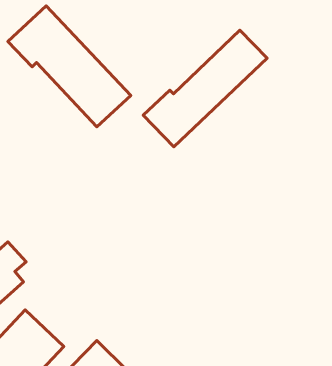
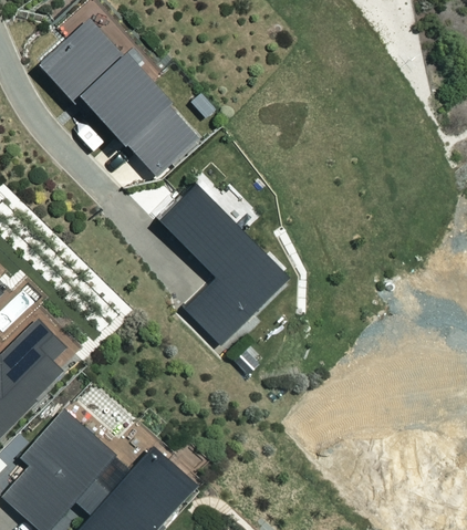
building: [143,30,267,147] -> none
building: none -> [163,186,288,344]

